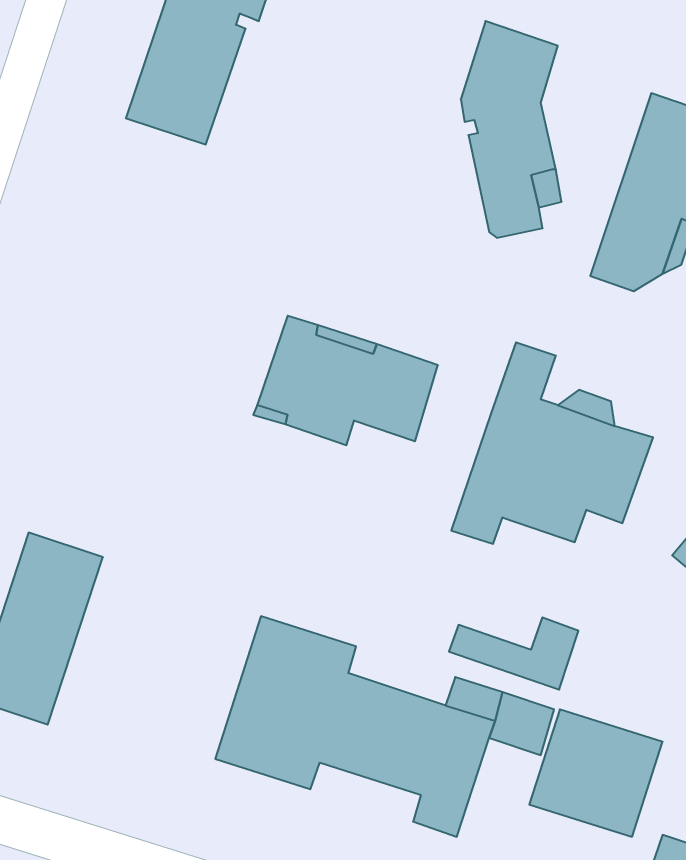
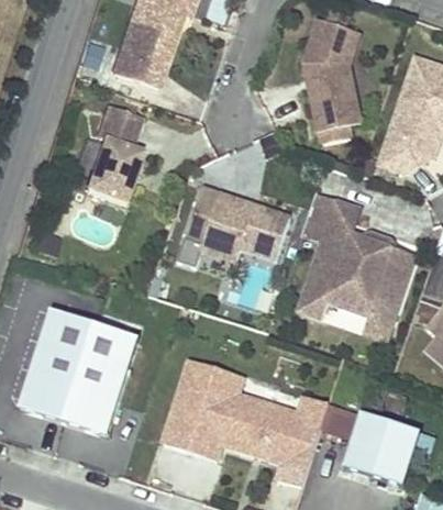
building: none -> [87,104,142,202]
building: none -> [300,192,335,241]
building: none -> [65,324,140,435]
building: [449,617,578,690] -> [322,297,397,339]

